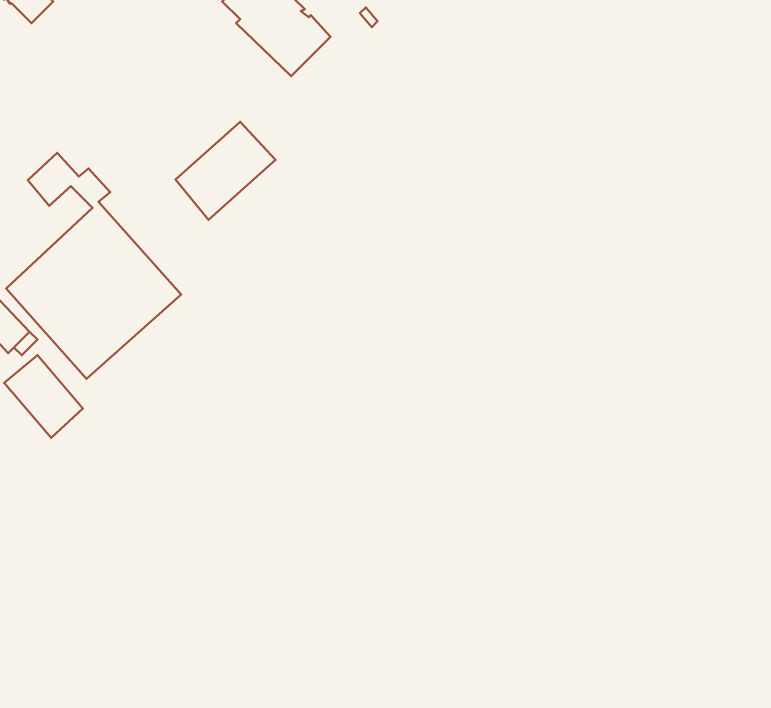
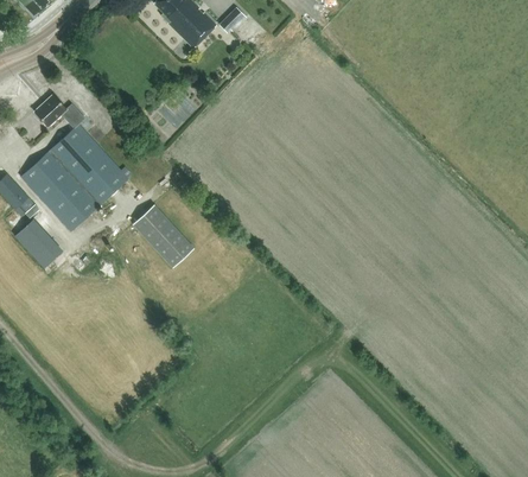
building: [176,122,276,220] -> none
building: none -> [132,204,193,268]

